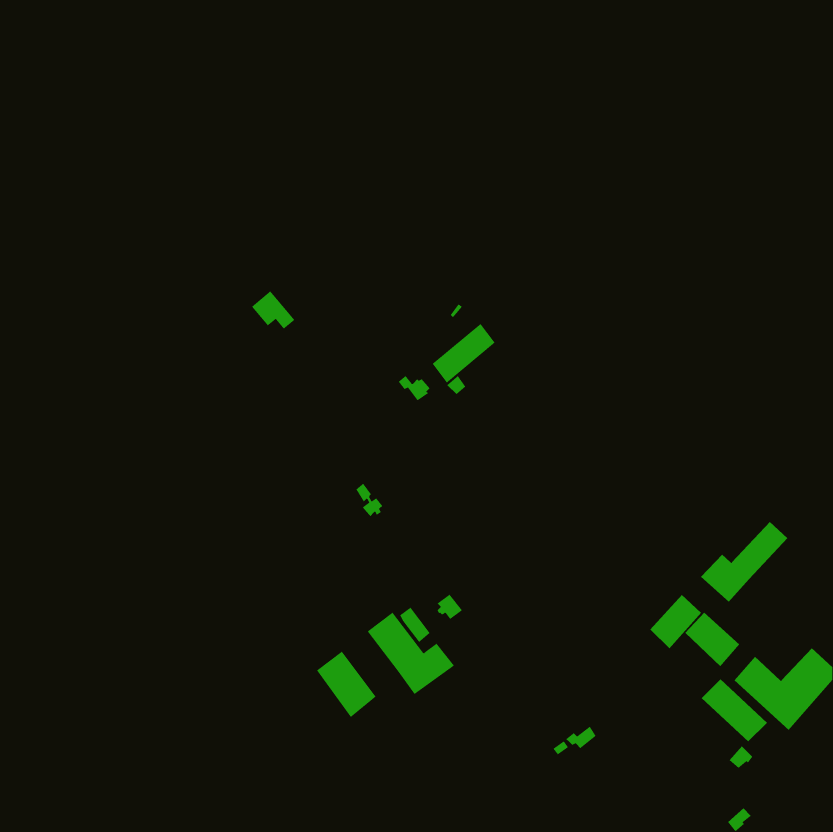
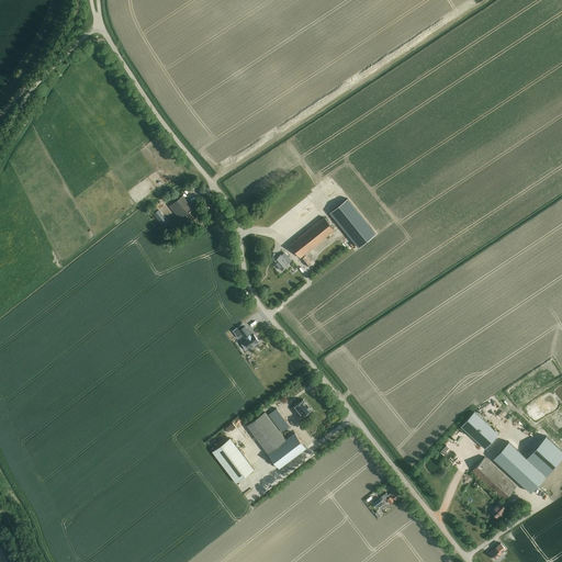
building: none -> [330,200,375,248]
building: [700,521,788,602] -> none
building: [650,594,702,649] -> none

